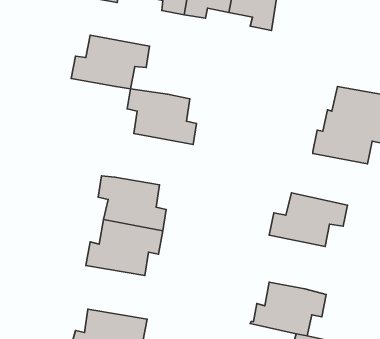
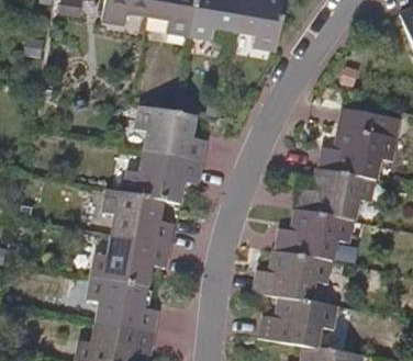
building: [71,35,149,89] -> [122,150,199,203]
building: none -> [295,170,370,221]
building: none -> [253,252,327,303]
building: none -> [90,280,157,332]

